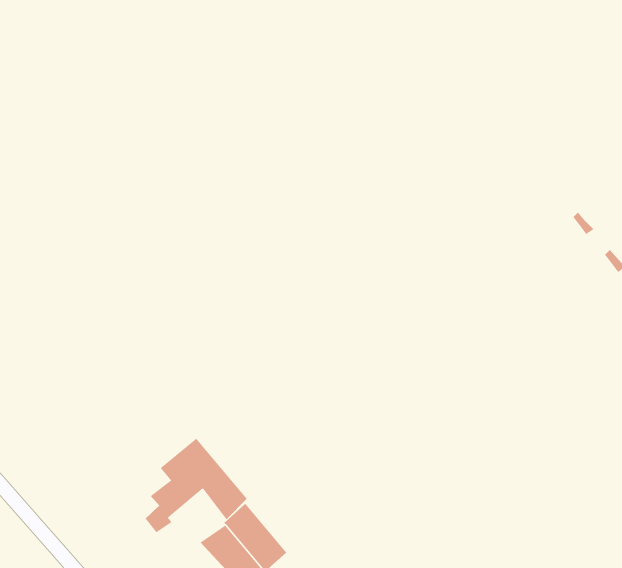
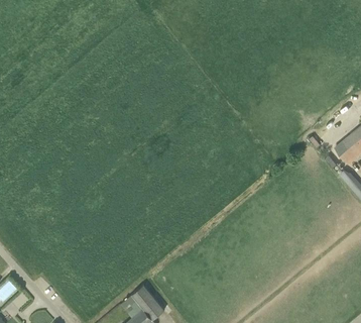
building: [145,438,247,533] -> none

